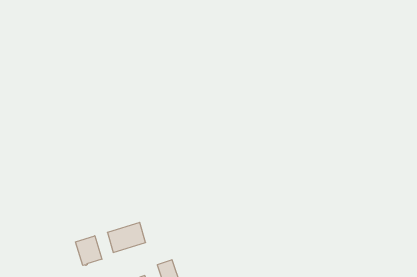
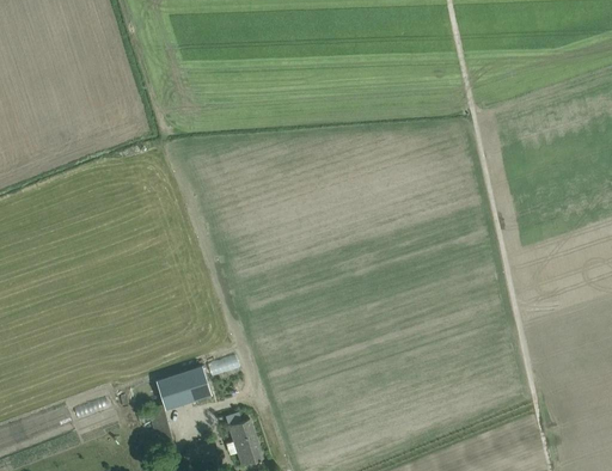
building: [76,236,102,265] -> none

